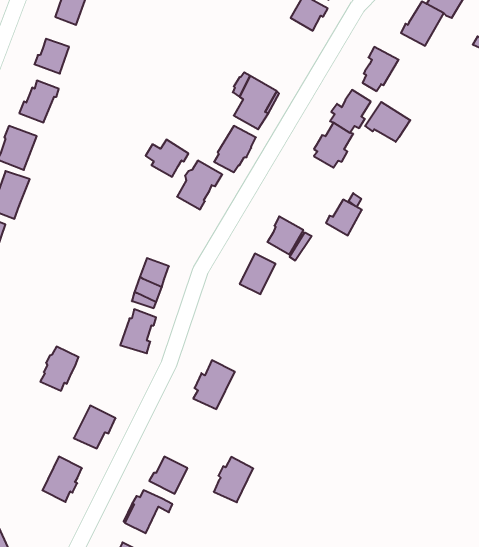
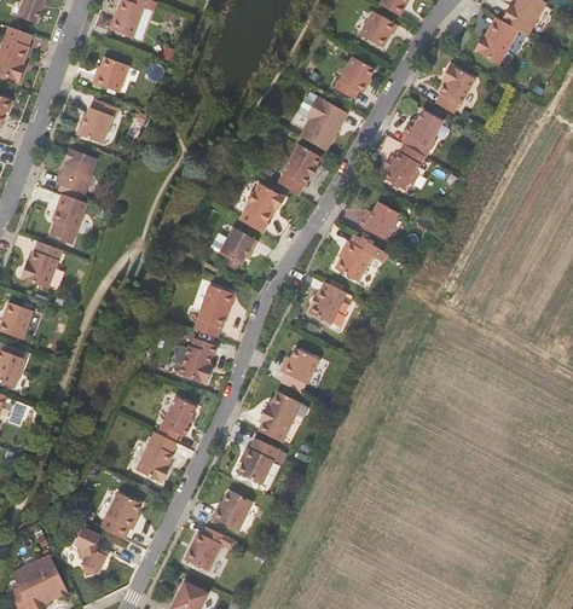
building: none -> [332,56,372,98]
building: [365,102,410,142] -> none
building: [146,140,188,177] -> [213,227,257,266]
building: [326,200,362,235] -> [360,202,398,239]
building: none -> [280,348,319,384]
building: [40,347,79,391] -> [160,390,199,436]
building: [214,457,253,502] -> [237,437,278,485]
building: none -> [74,527,105,575]

